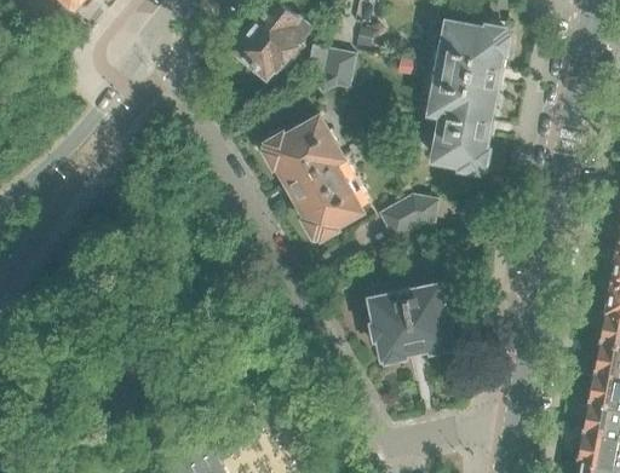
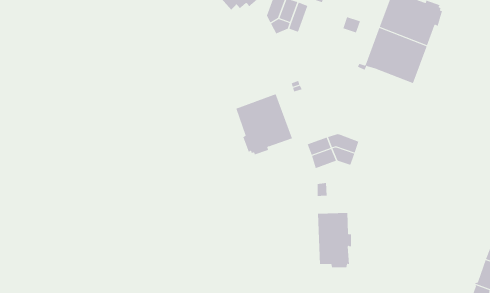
building: [434,115,489,172] -> none
building: [265,116,343,188] -> none
building: [371,292,417,360] -> none

